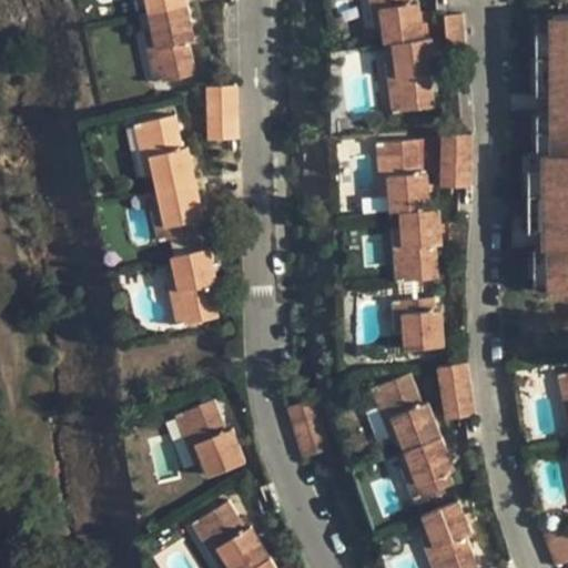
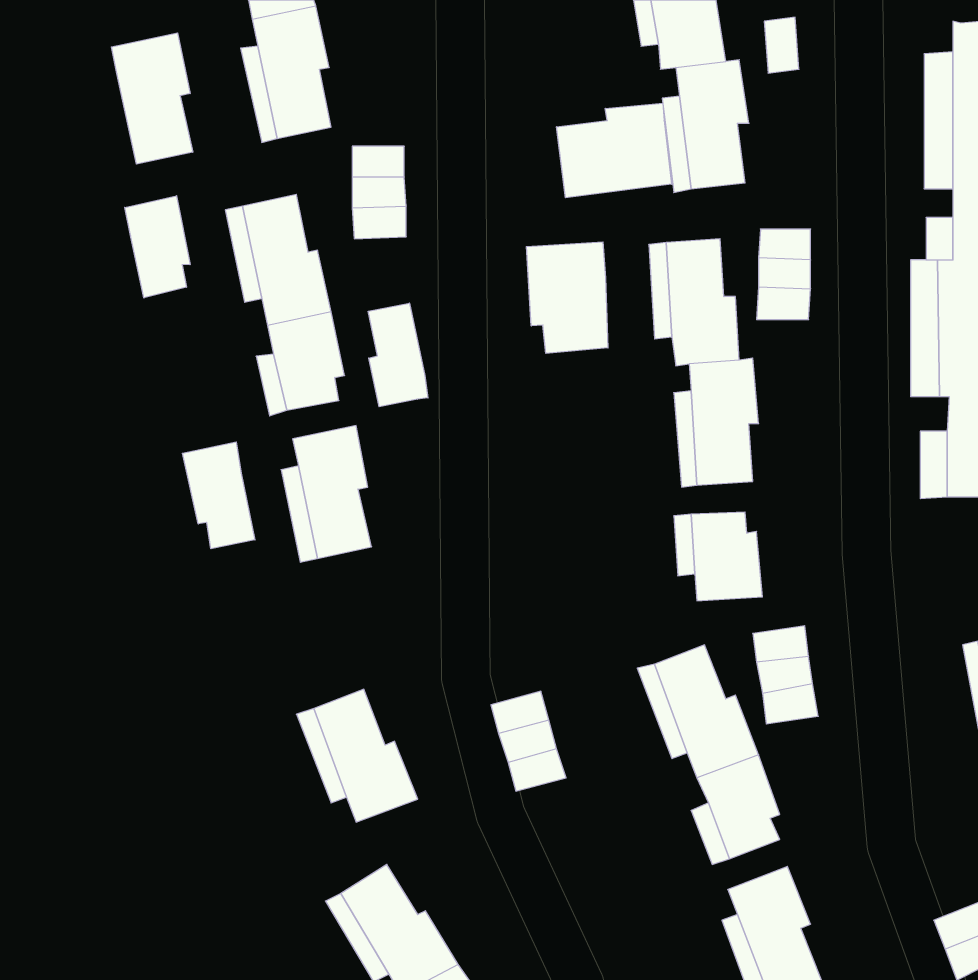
building: none -> [111,33,193,164]
building: none -> [557,103,672,198]
building: none -> [125,196,190,298]
building: none -> [526,242,608,353]
building: none -> [368,303,428,407]
building: none -> [182,442,255,549]

